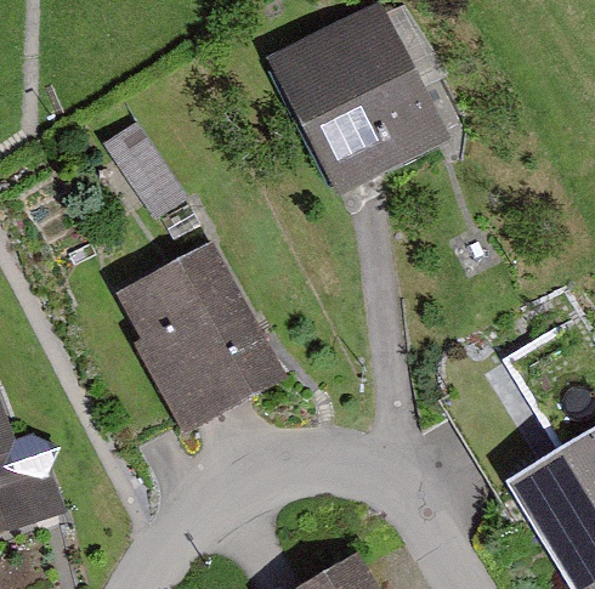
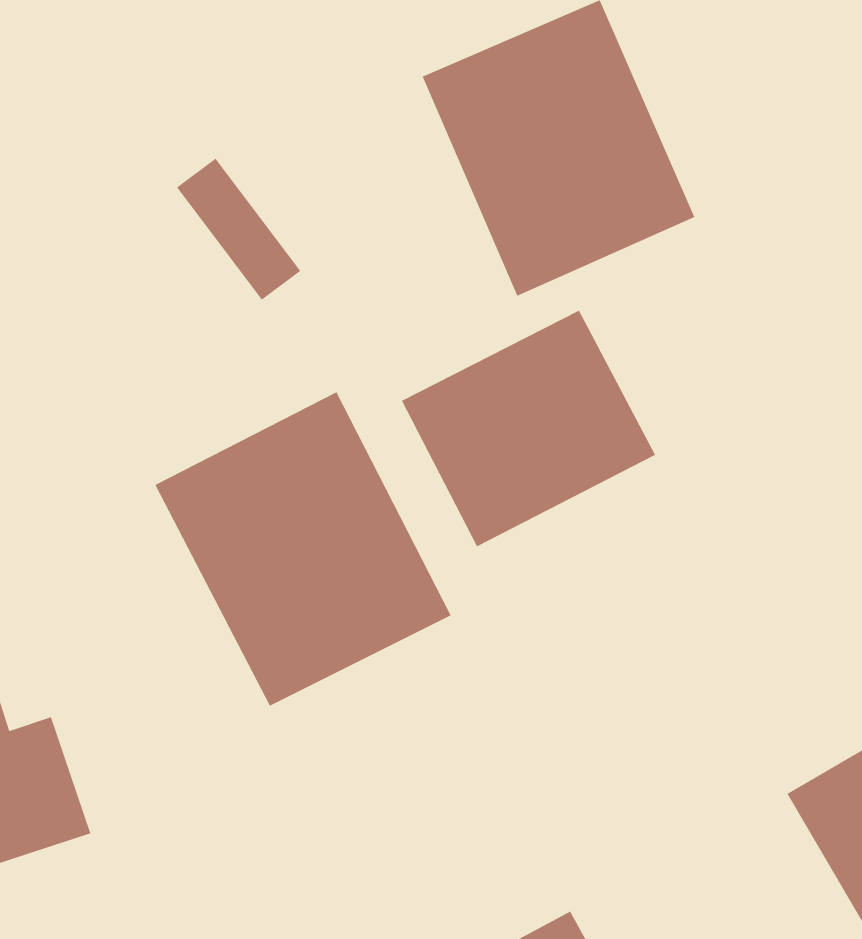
building: none -> [401,310,656,547]

